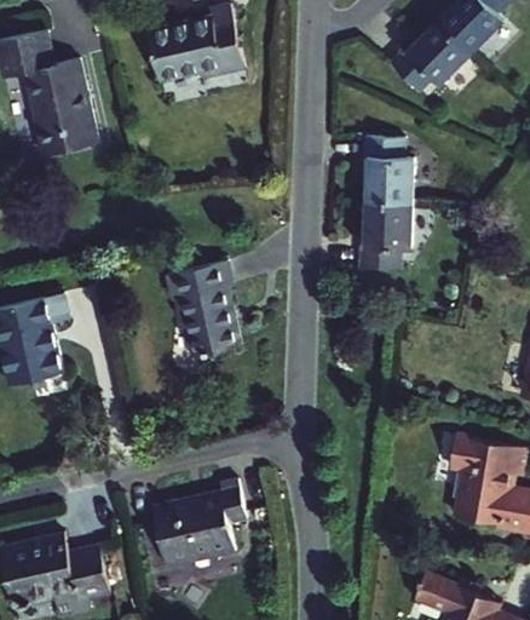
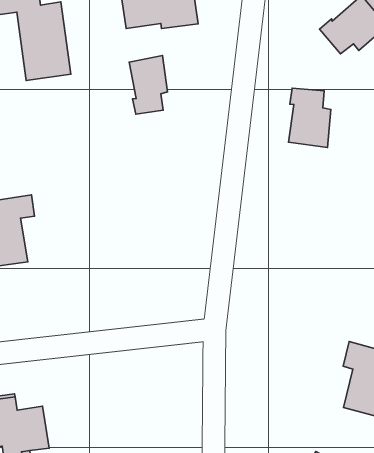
building: none -> [129,55,168,114]
building: [358,202,411,269] -> none
building: [177,269,240,358] -> none
building: [151,480,246,567] -> none

